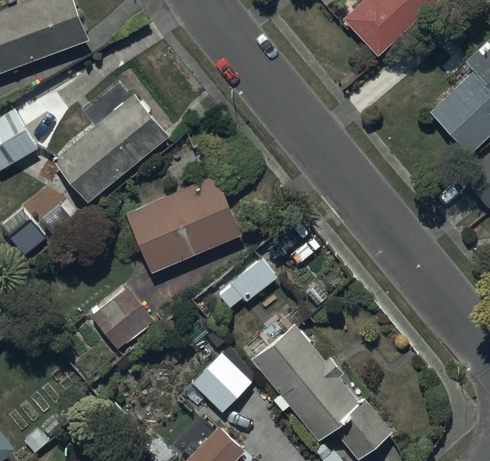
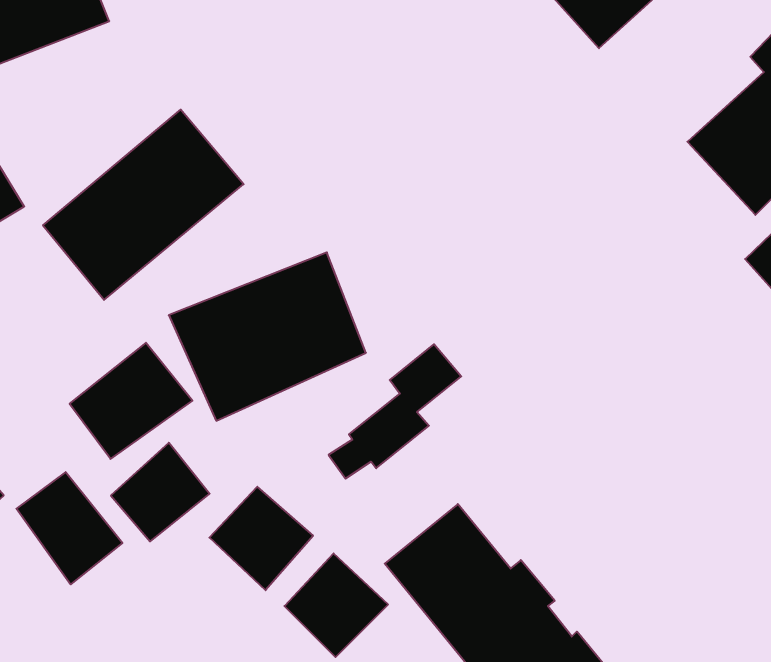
building: none -> [70,343,192,459]
building: none -> [16,472,122,584]
building: none -> [209,487,313,590]

